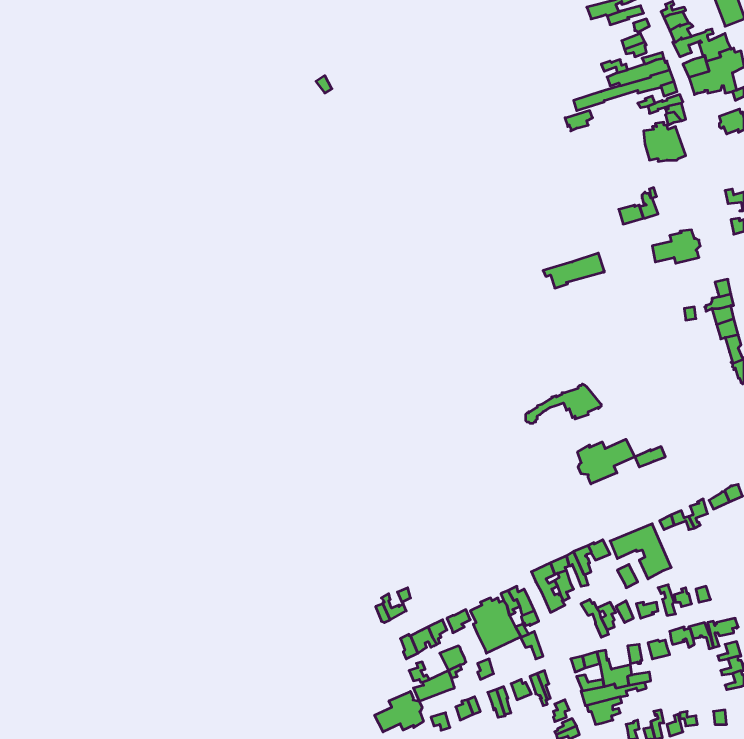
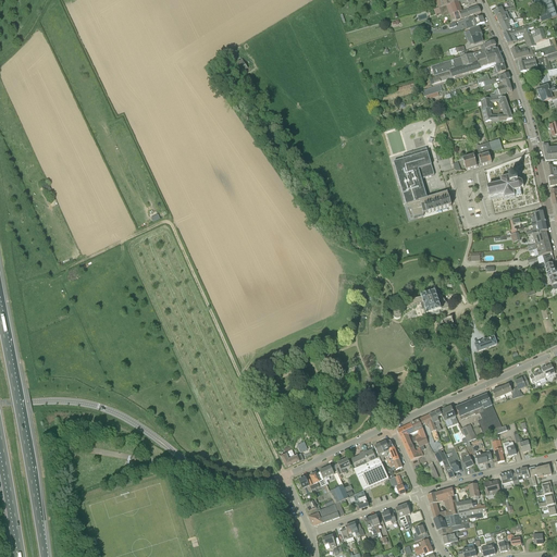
building: none -> [394,145,434,202]
building: [578,439,635,484] -> none
building: [375,691,423,732] -> none

